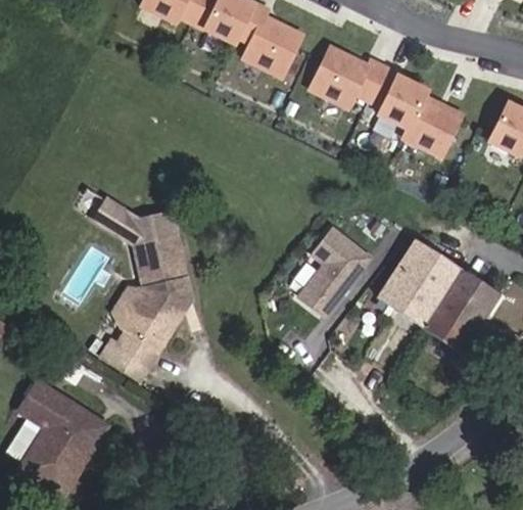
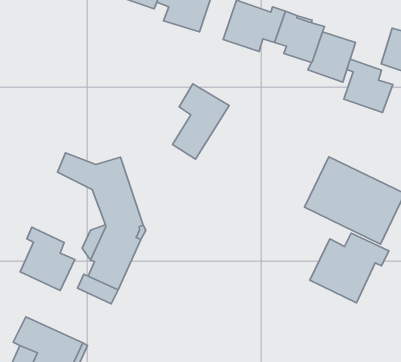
building: none -> [344,59,393,113]
building: [299,228,371,316] -> [173,84,229,159]
building: none -> [20,227,75,290]
building: none -> [310,233,389,303]

